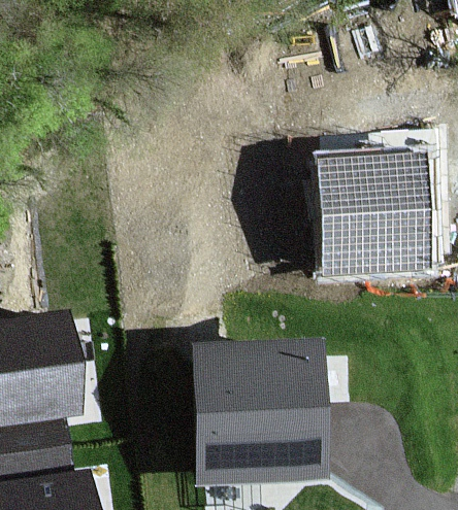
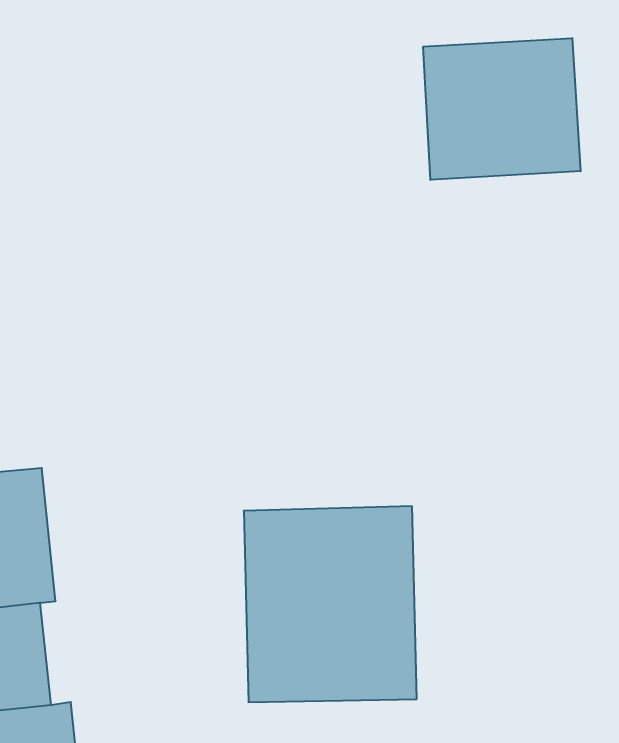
building: none -> [423,38,581,180]
building: [323,157,424,269] -> none

